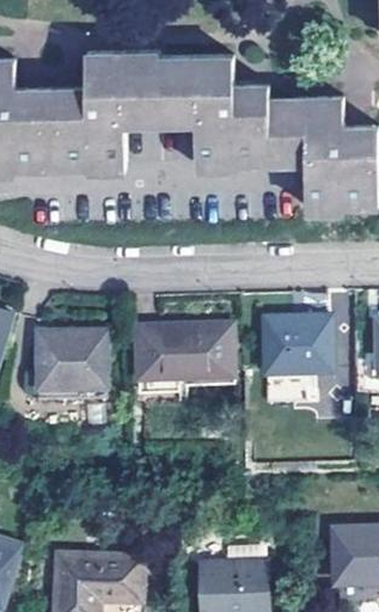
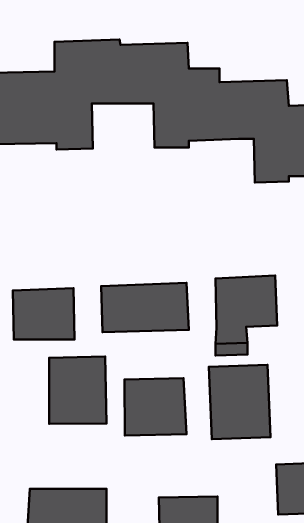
building: none -> [49,356,107,424]
building: none -> [209,365,271,439]
building: none -> [125,378,186,436]

